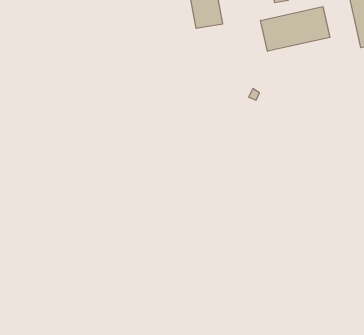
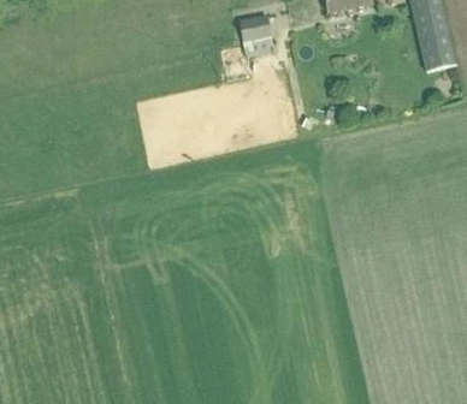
building: [261,7,330,51] -> none

